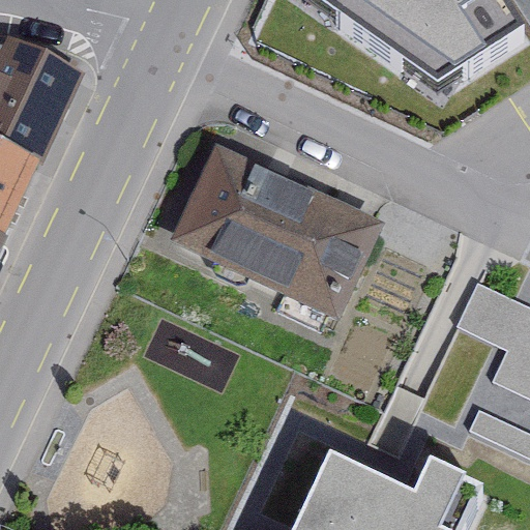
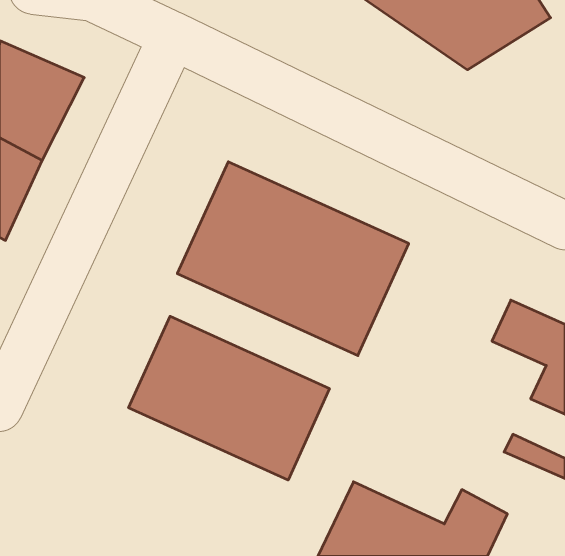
building: none -> [129,316,329,480]

